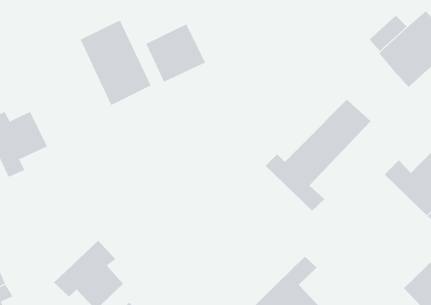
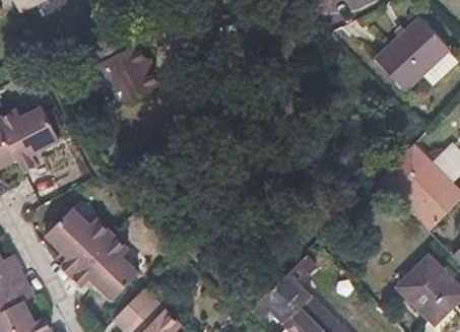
building: [146,23,206,82] -> none
building: [265,99,371,212] -> none
building: none -> [45,209,111,277]

